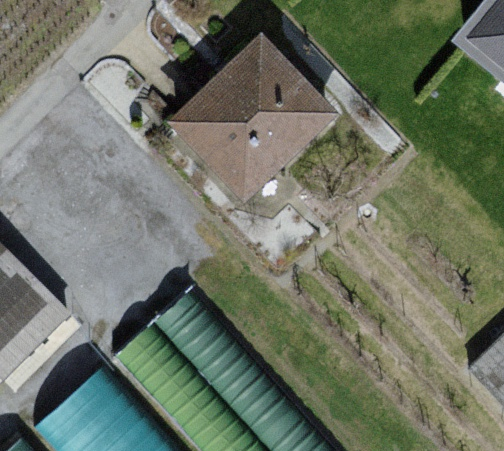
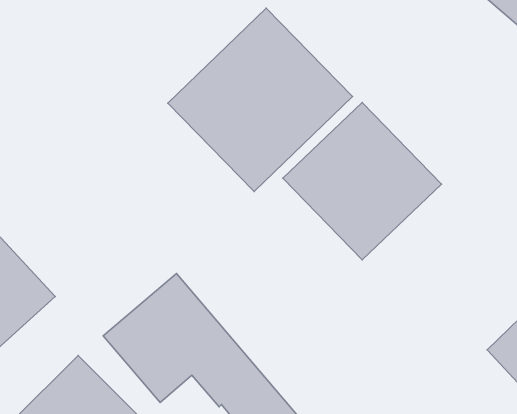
building: none -> [283,102,441,260]

